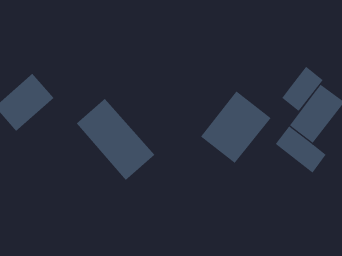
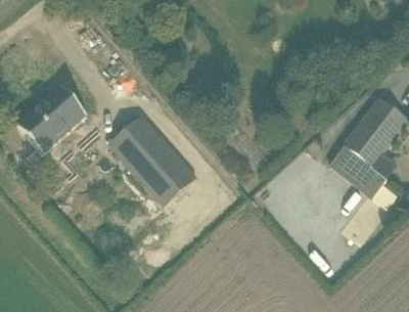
building: [281,66,323,112] -> none
building: [200,90,271,164] -> none

